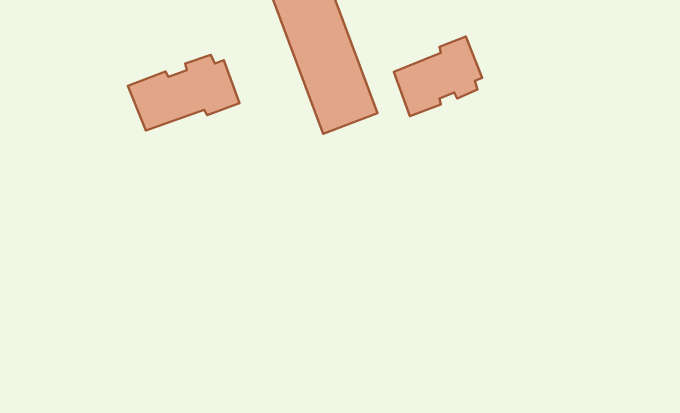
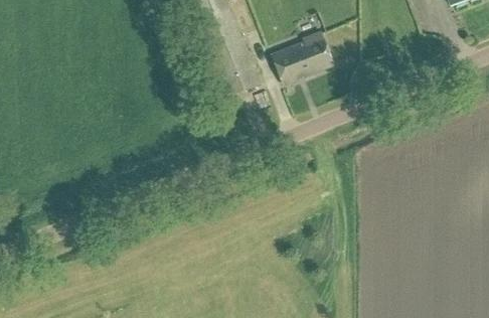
building: [128,55,240,131] -> none

